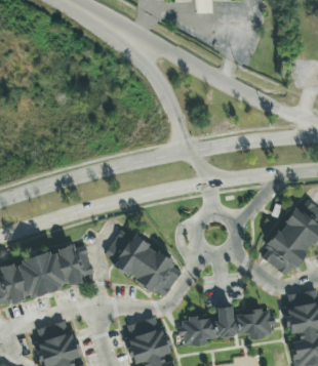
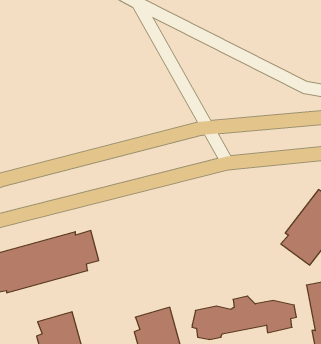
building: [105,231,181,298] -> none

